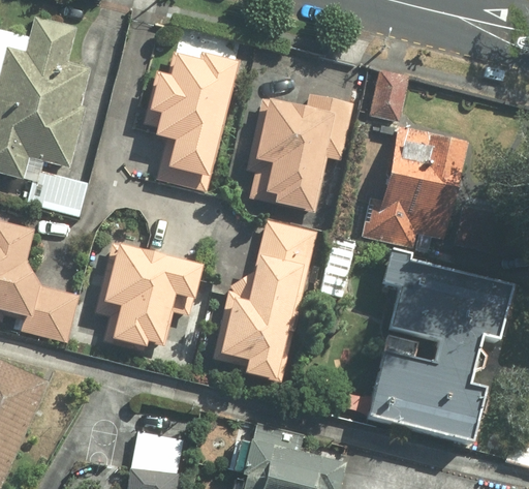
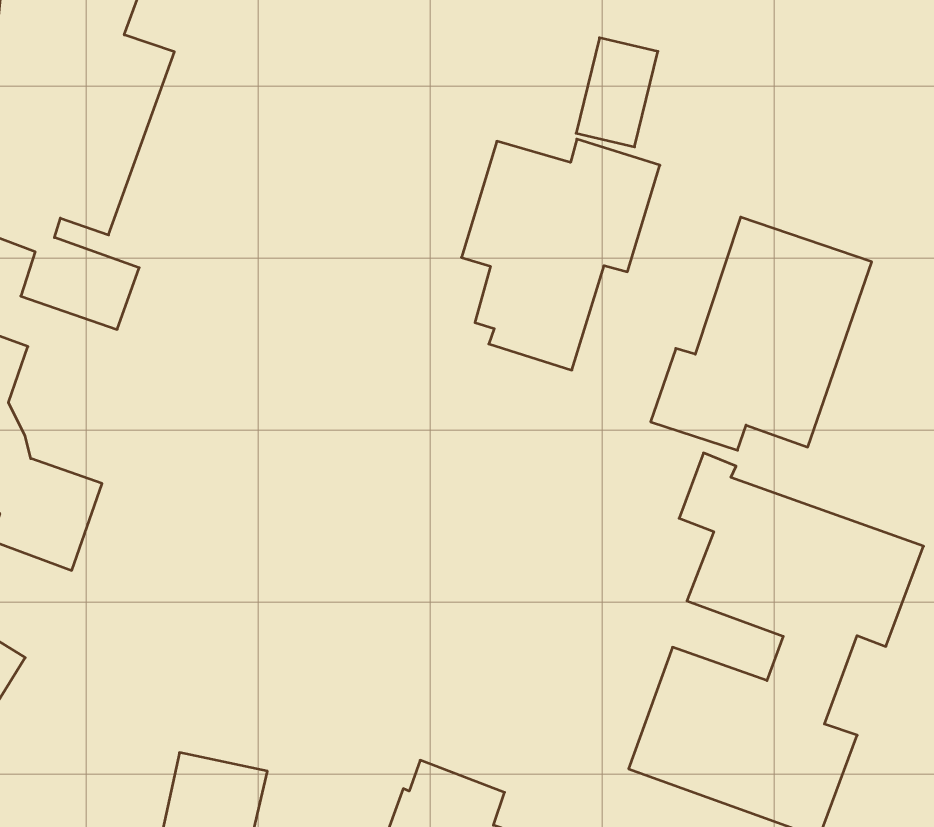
building: [144,60,237,189] -> none
building: [368,68,406,123] -> [576,38,658,147]
building: [220,221,317,380] -> none
building: [97,241,203,348] -> none

